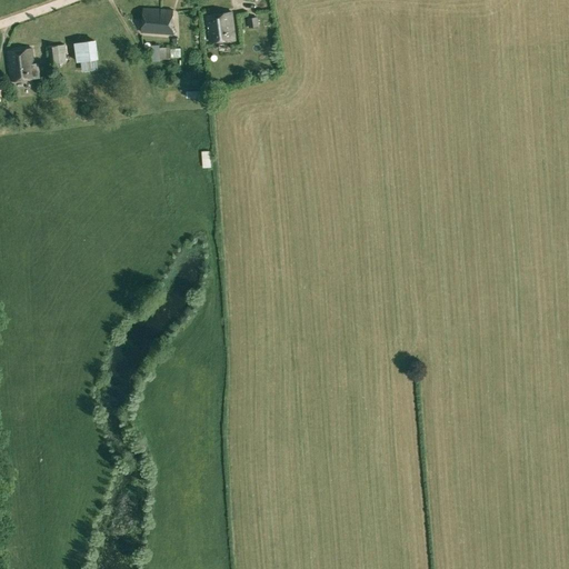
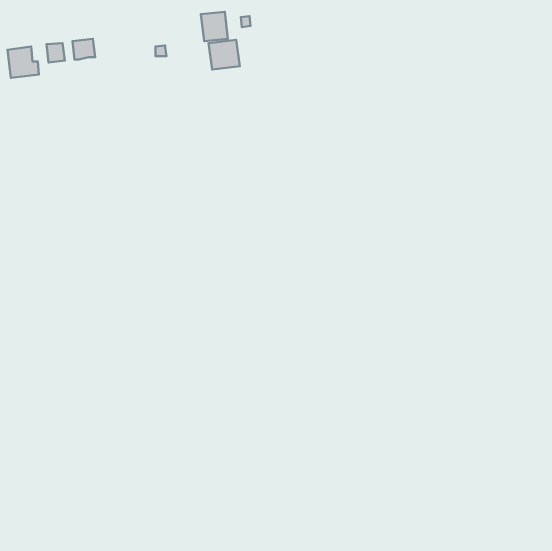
building: [142,9,173,34] -> none
building: none -> [208,40,240,69]

